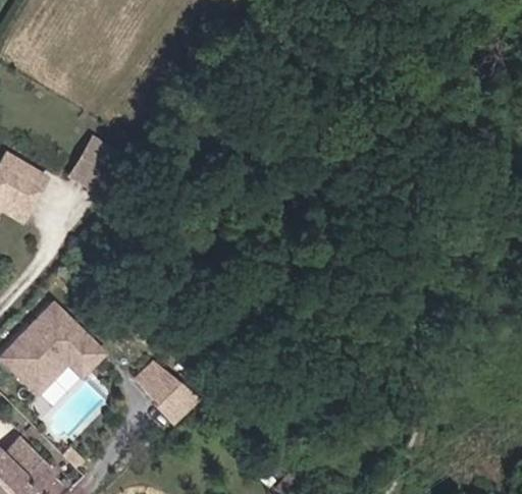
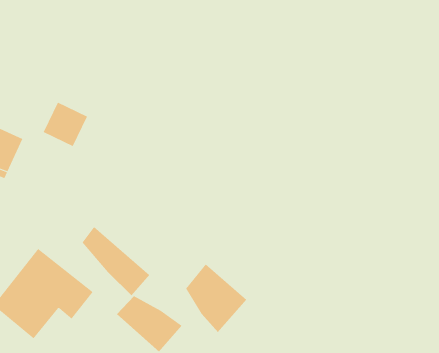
building: none -> [82,226,150,296]
building: none -> [185,264,247,333]

